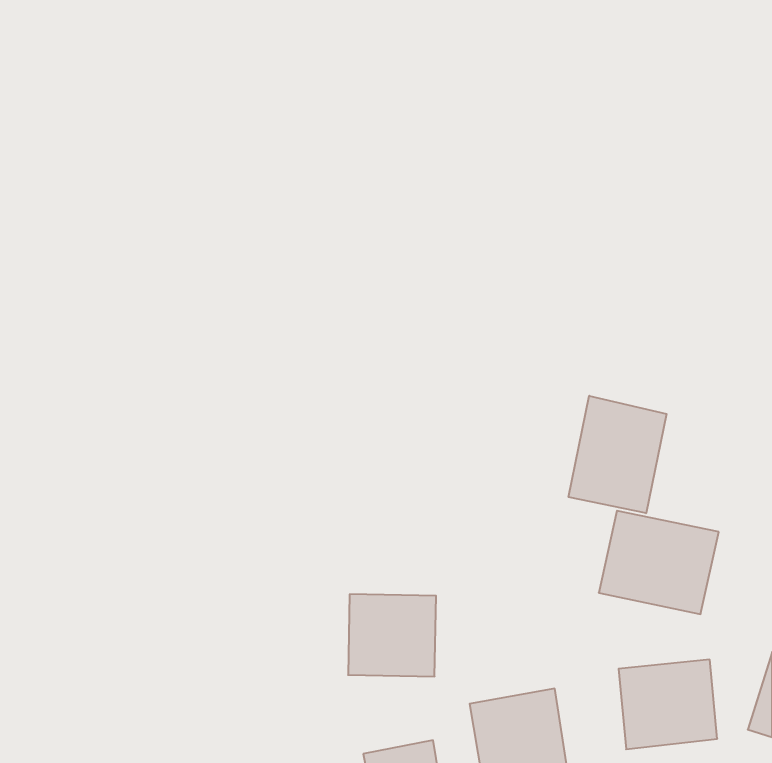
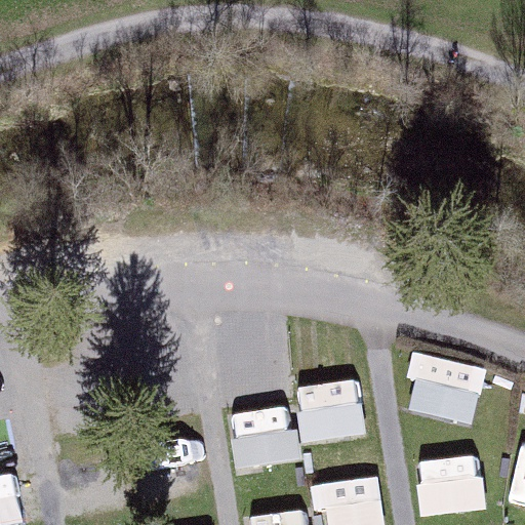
building: [569,396,667,513] -> none
building: none -> [295,377,367,444]

